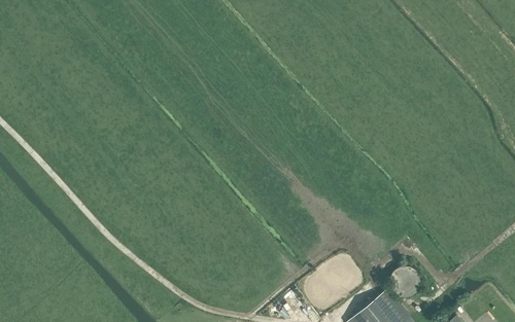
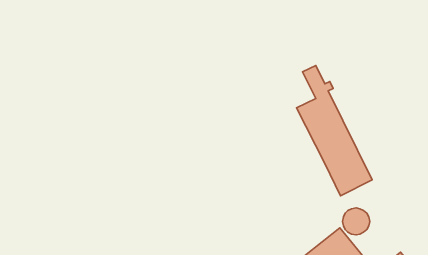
building: none -> [297,65,372,196]

